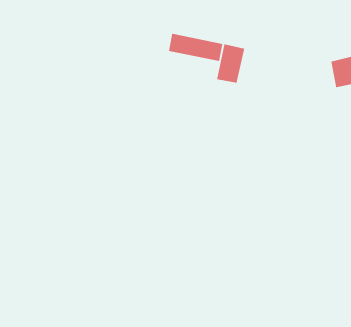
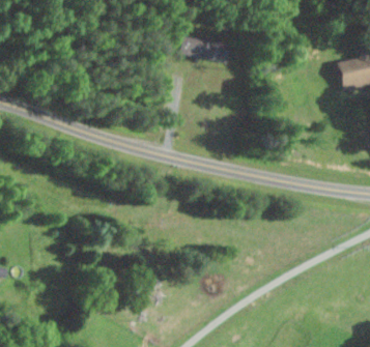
building: [217,43,245,84] -> none

